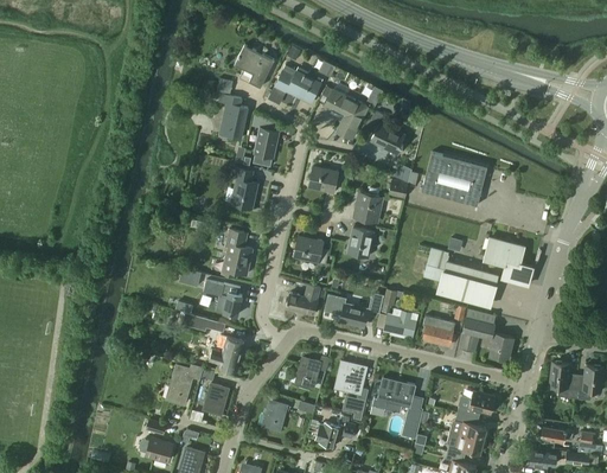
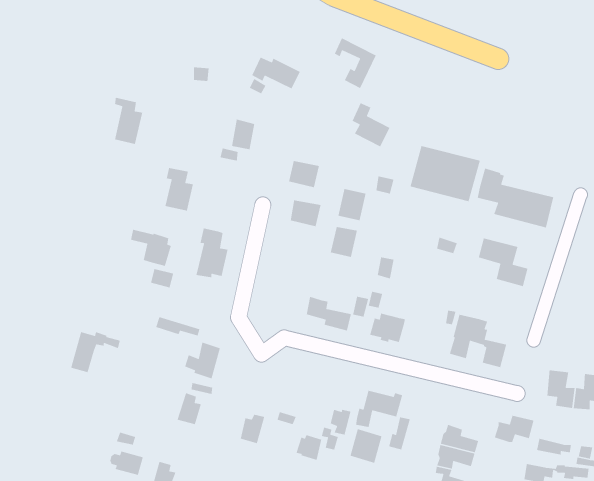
building: [234,44,274,88] -> none
building: [326,90,366,139] -> [334,37,377,89]
building: [219,94,247,139] -> [114,97,143,145]
building: [231,167,258,209] -> [165,167,194,212]
building: [294,236,324,262] -> [290,199,321,227]
building: [424,248,497,305] -> [477,168,554,228]
building: [204,280,243,315] -> [130,229,172,267]
building: [287,285,321,314] -> none
building: [423,318,454,345] -> none
building: [295,356,330,389] -> none
building: [336,360,366,394] -> [349,428,382,464]
building: [168,364,216,403] -> [70,331,121,373]
building: [458,391,496,417] -> [494,415,534,443]

